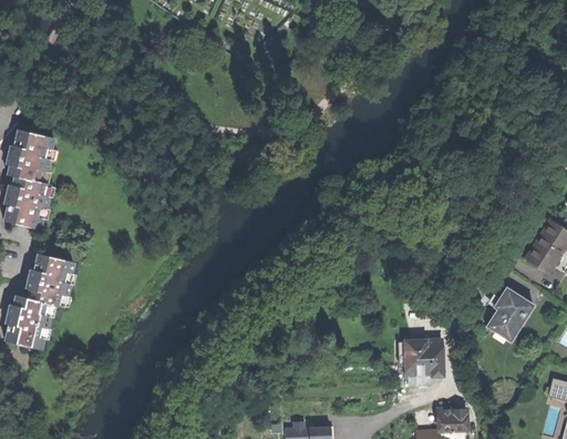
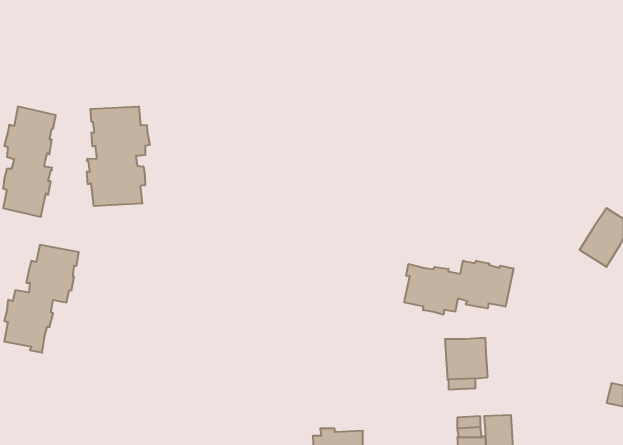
building: none -> [87,106,150,206]
building: none -> [404,261,513,315]
building: [486,288,534,338] -> none

